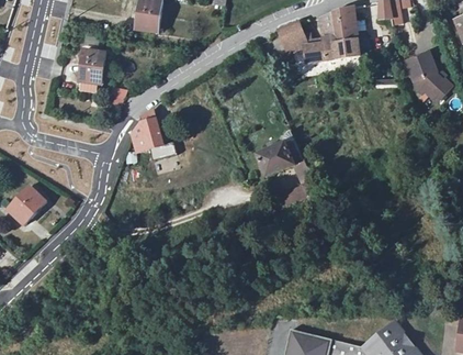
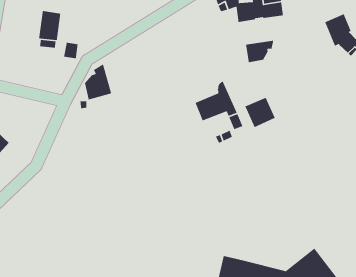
building: none -> [245,40,274,63]
building: none -> [244,97,276,128]

